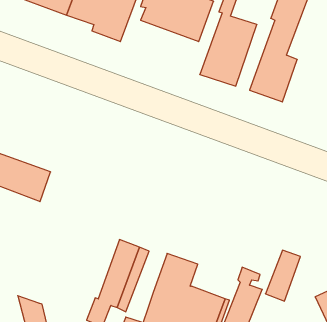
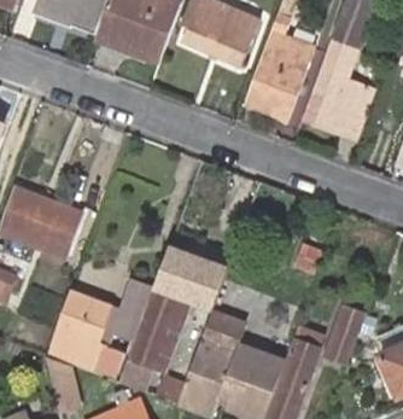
building: none -> [156,244,228,308]
building: none -> [49,292,147,378]

